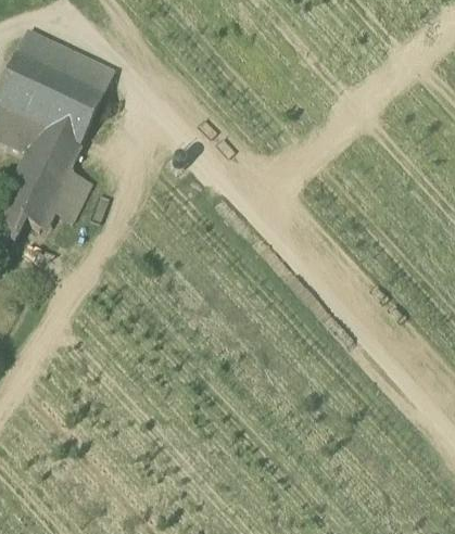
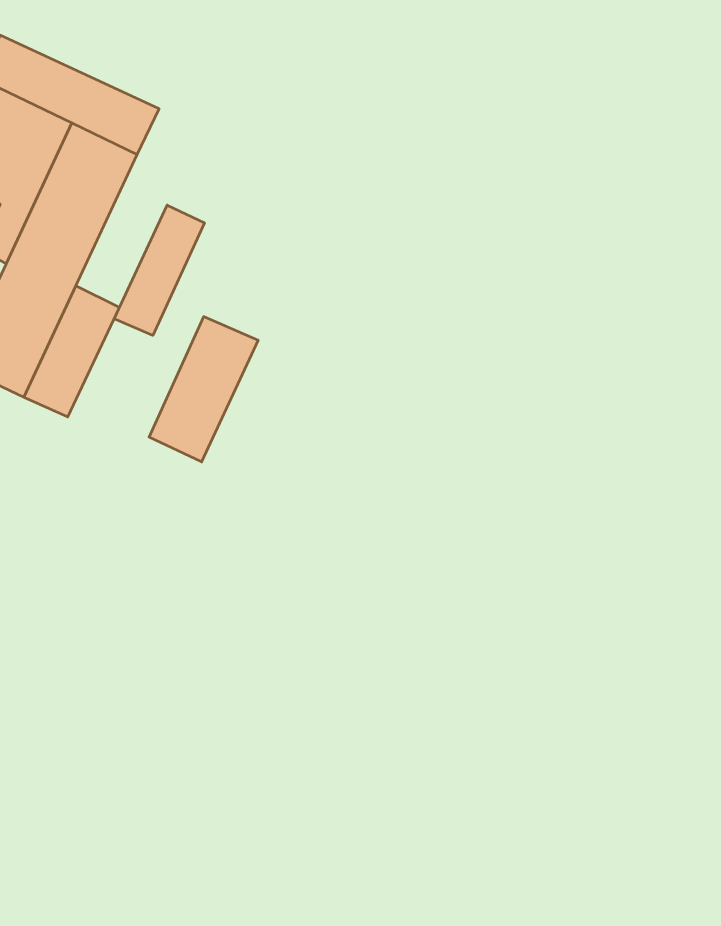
building: none -> [114,205,204,335]
building: none -> [149,317,258,462]

